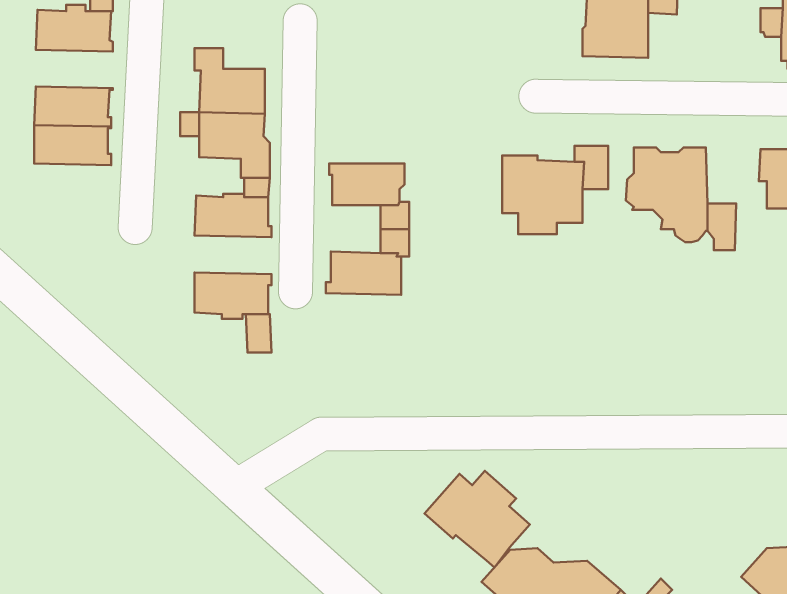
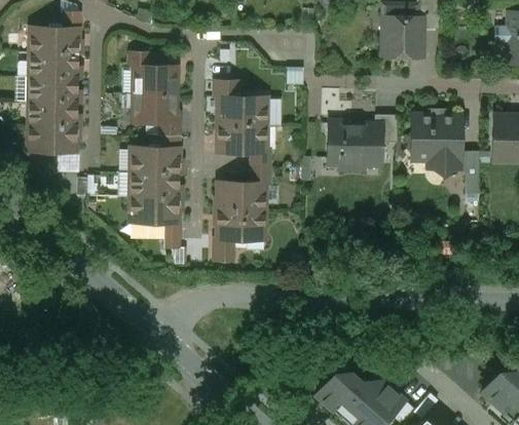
building: none -> [30,53,79,78]
building: none -> [214,81,266,126]
building: none -> [29,126,78,156]
building: none -> [132,172,181,197]
building: none -> [214,209,264,262]
building: [424,471,530,567] -> none

